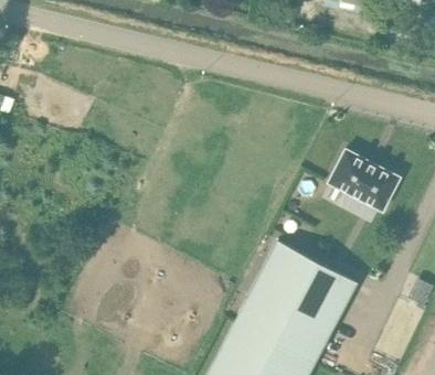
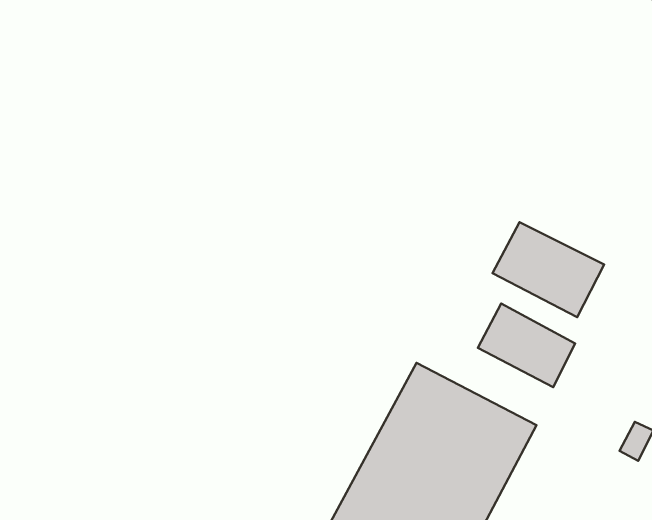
building: none -> [478,303,575,387]

